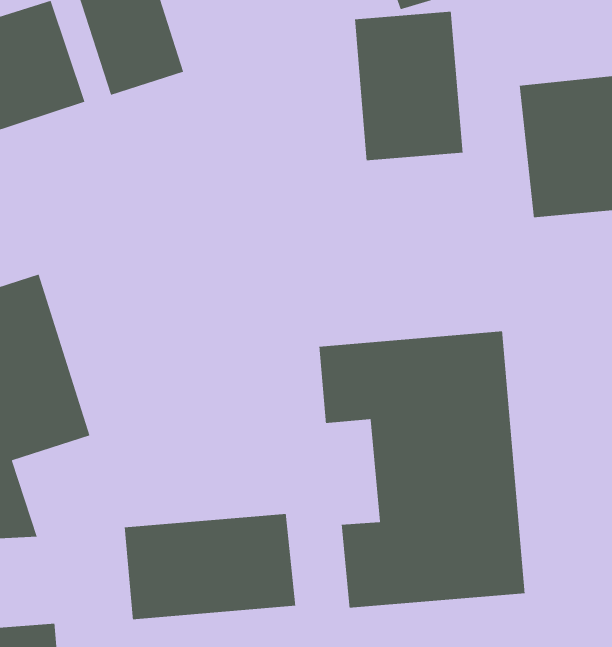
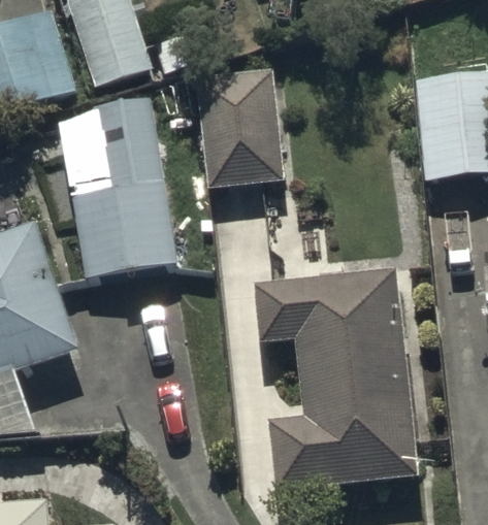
building: [354,11,463,161] -> [195,68,281,186]
building: none -> [57,96,177,278]
building: [124,513,296,620] -> none

